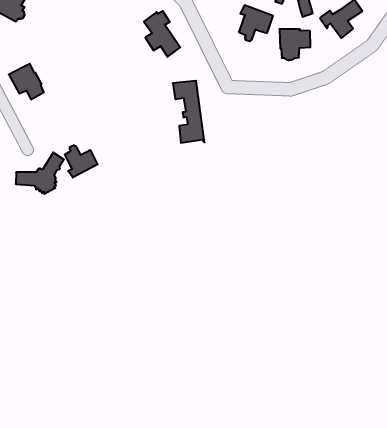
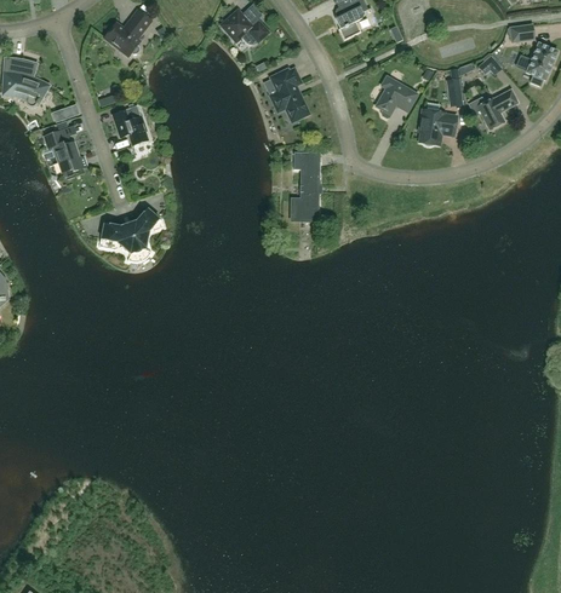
building: [65,145,98,178] -> none

